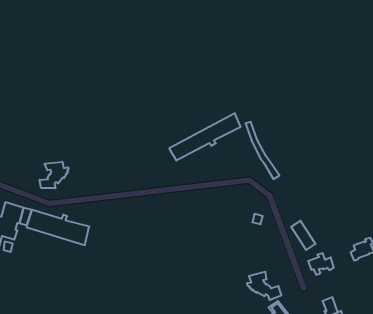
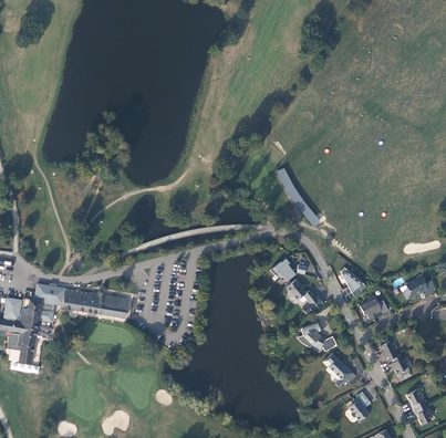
building: [170,113,240,161] -> none
building: [40,162,69,188] -> none
building: none -> [286,278,324,311]

